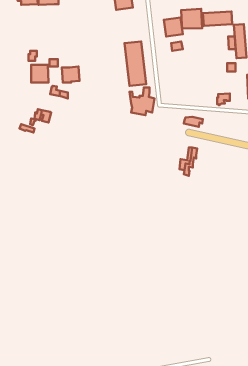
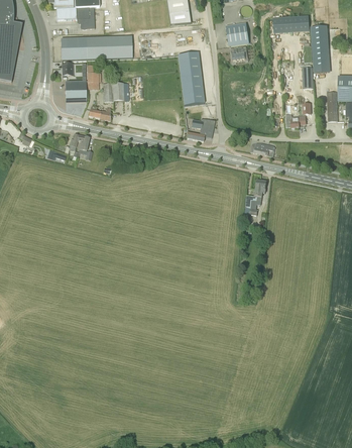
building: none -> [56,6,95,28]
building: [181,9,202,28] -> none
building: none -> [61,36,132,60]

